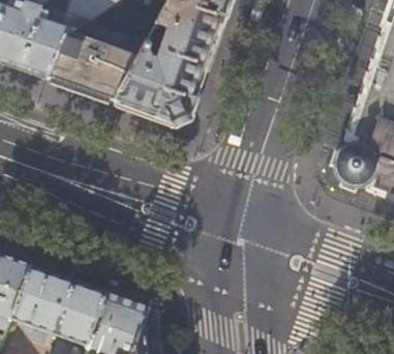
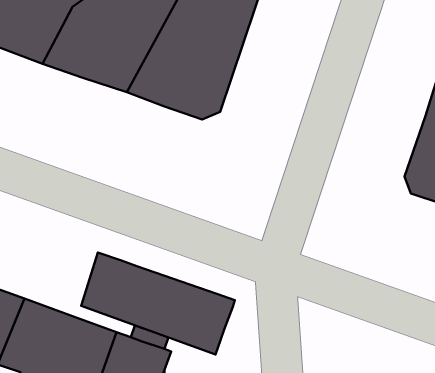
building: none -> [81,253,235,354]

